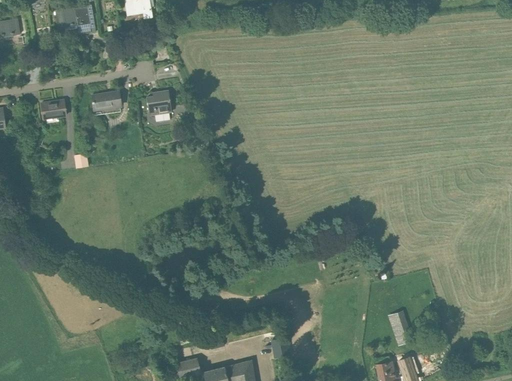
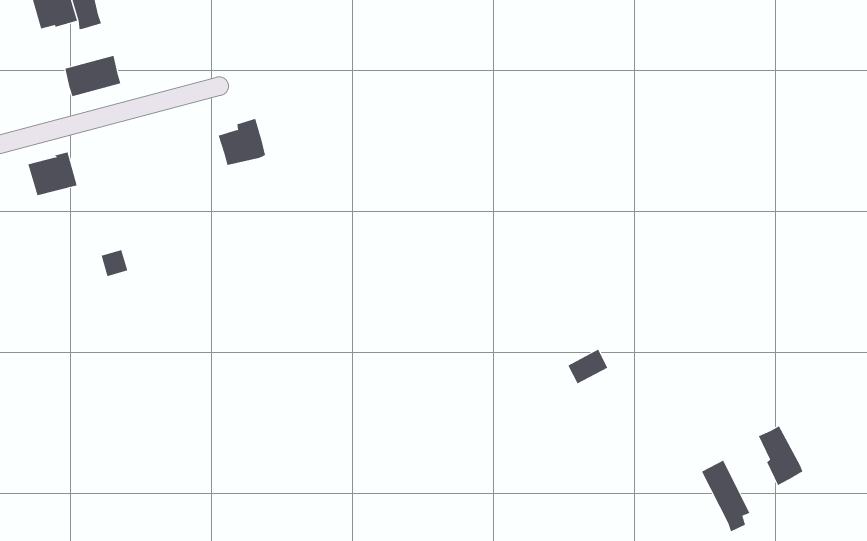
building: [92,88,122,108] -> [65,55,121,97]
building: none -> [758,425,803,486]

